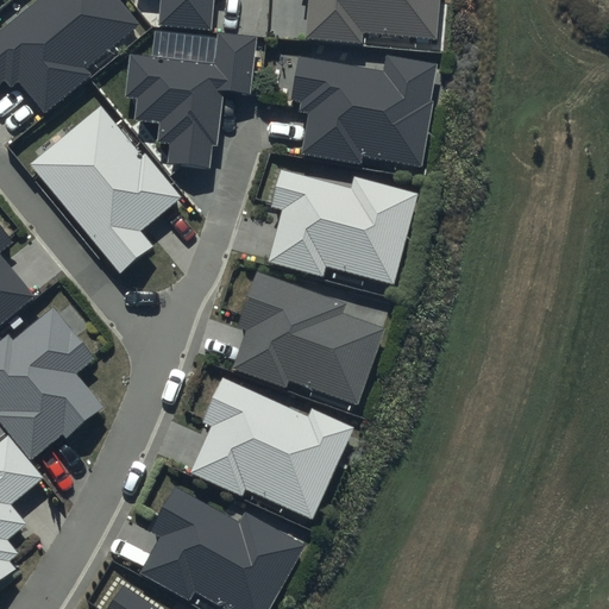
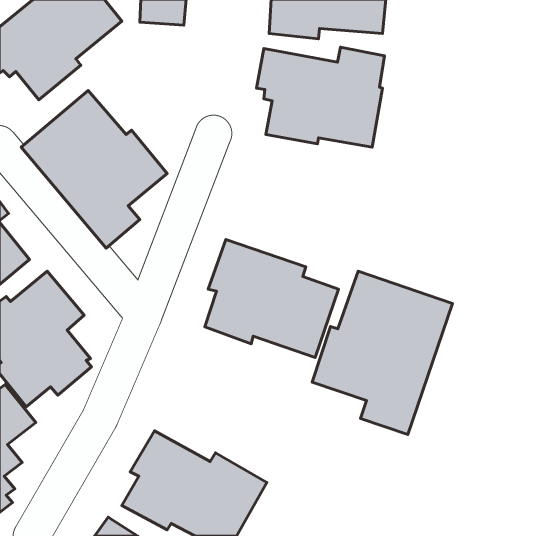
building: [123,30,257,169] -> none
building: [266,168,419,282] -> none
building: none -> [312,271,453,435]
building: [188,376,352,517] -> none

